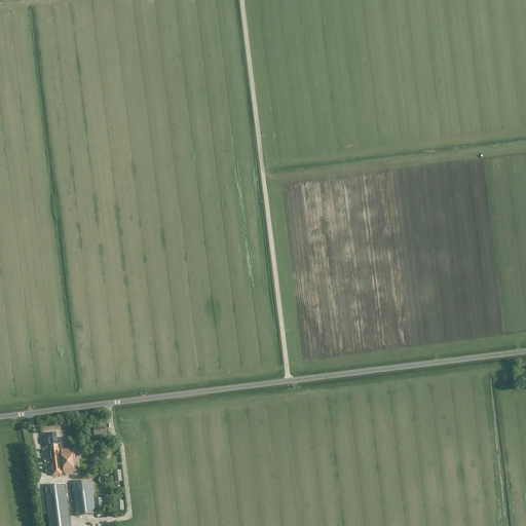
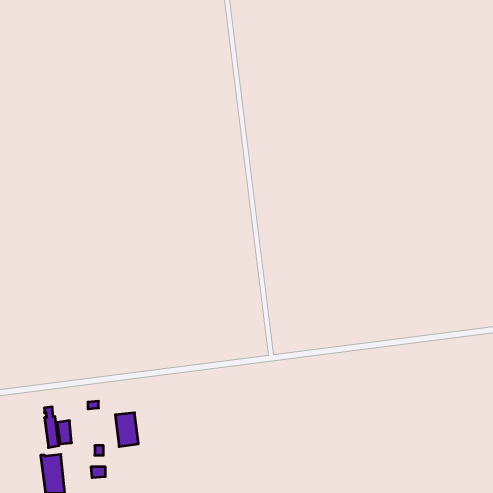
building: [72,480,97,516] -> [115,413,138,447]

